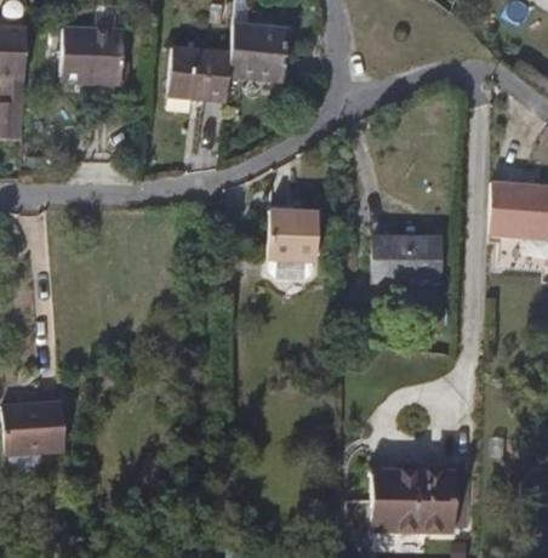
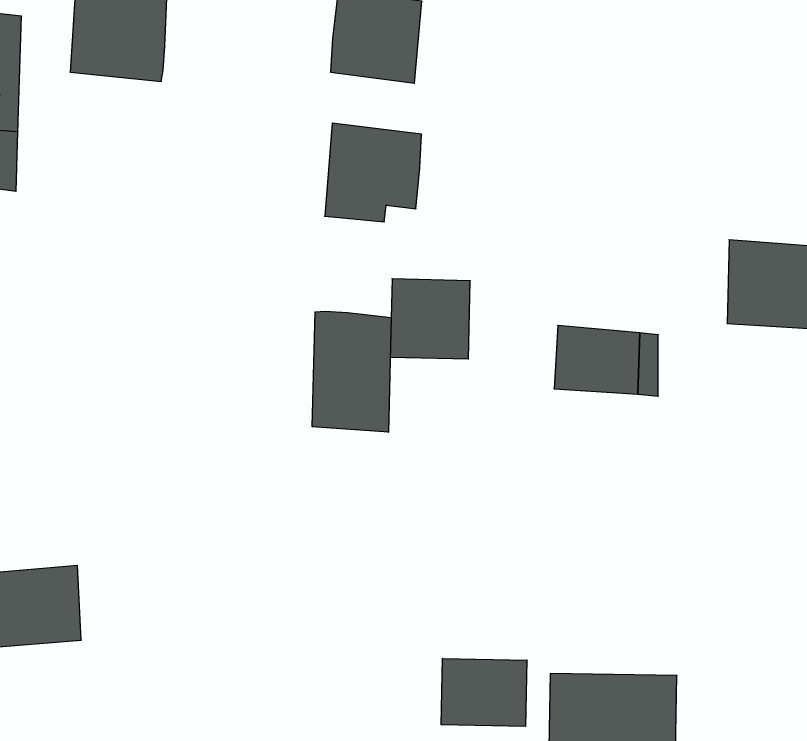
building: [166,46,229,110] -> [325,123,422,222]
building: none -> [312,311,391,432]
building: none -> [441,658,527,726]

